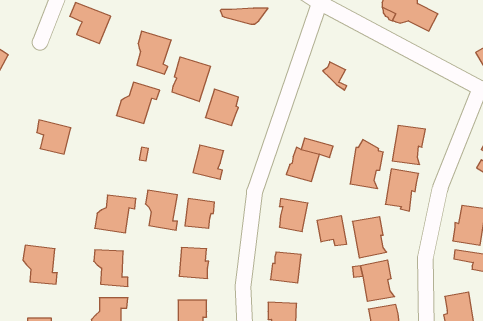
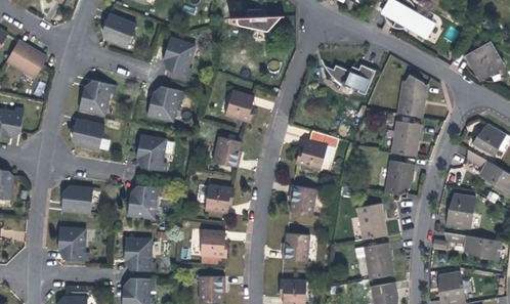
building: [172,57,210,102] -> none
building: none -> [343,63,375,94]
building: none -> [77,79,113,114]
building: [350,140,383,189] -> [397,73,427,117]
building: [145,190,177,230] -> [135,133,164,169]
building: none -> [59,187,89,215]
building: [317,216,346,246] -> none

